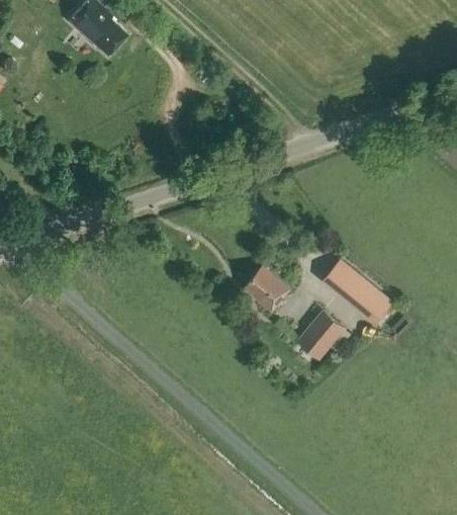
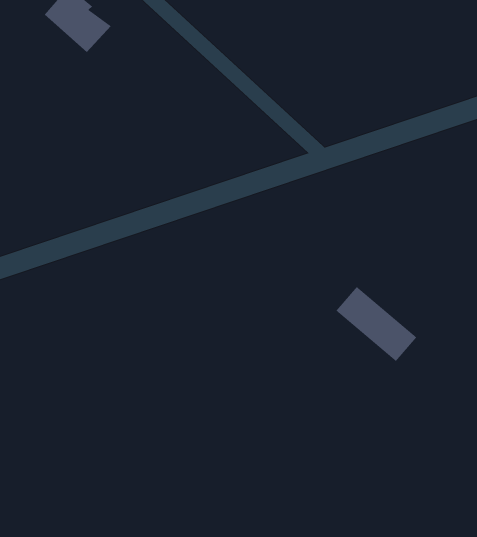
building: [245,266,290,311] -> none
building: [296,310,345,359] -> none

